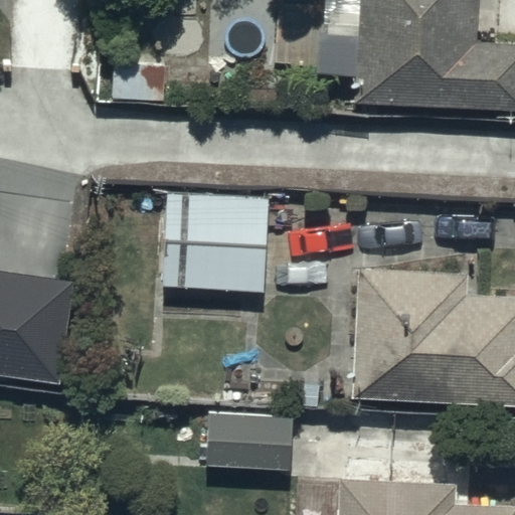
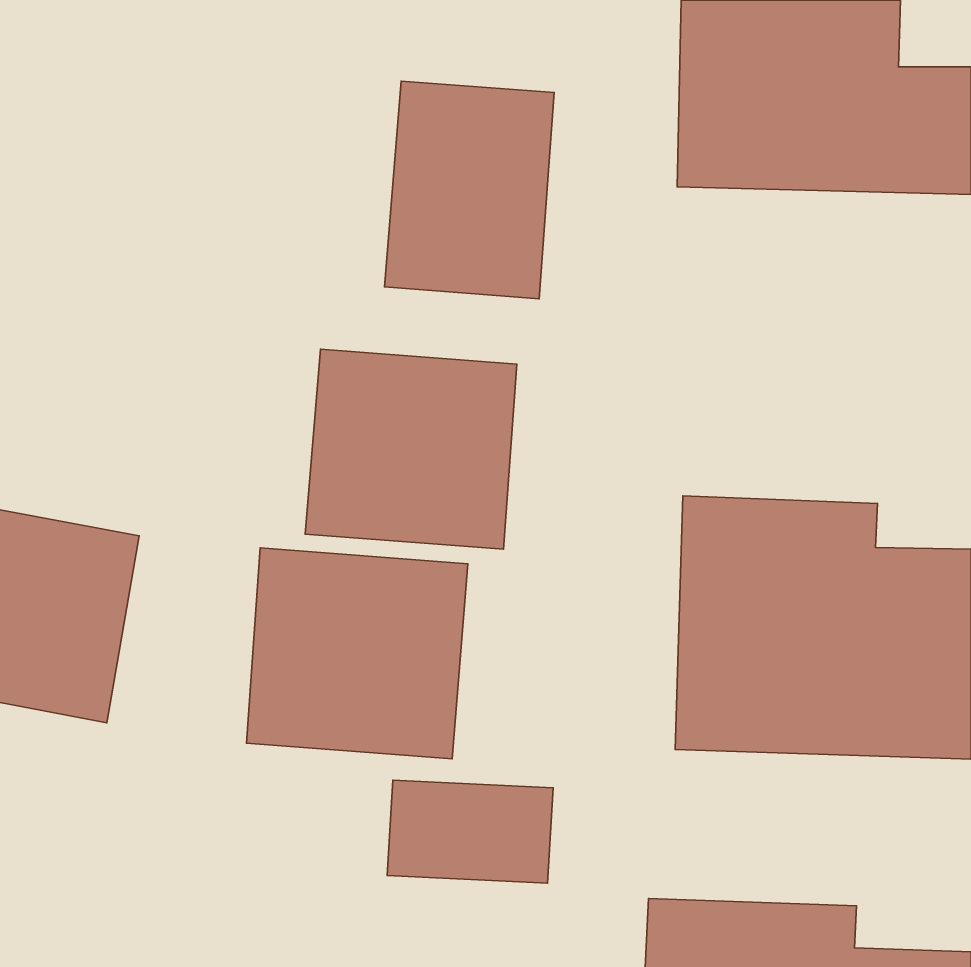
building: none -> [385,81,554,299]
building: none -> [246,548,468,759]

